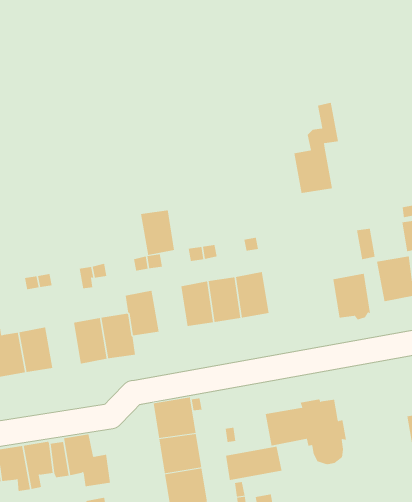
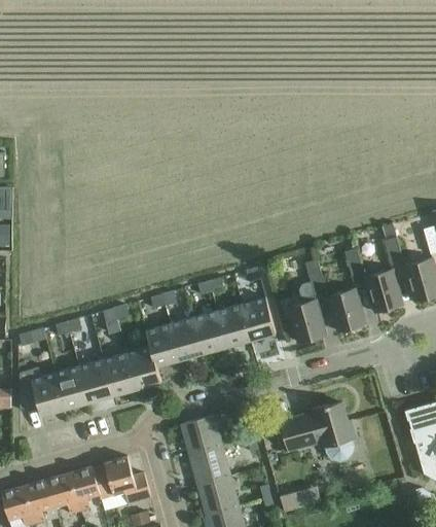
building: [293,102,339,193] -> [288,259,327,343]
building: [140,210,175,255] -> [170,318,204,360]
building: none -> [79,360,113,402]
building: [225,446,282,481] -> none

